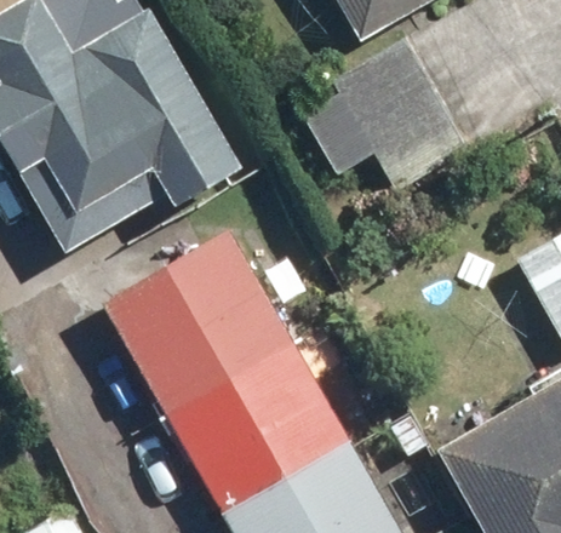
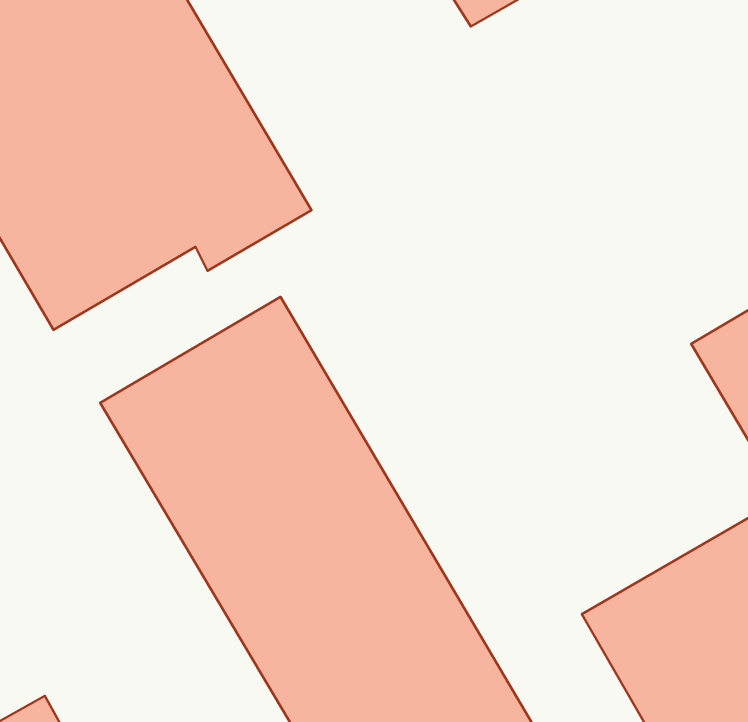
building: [299,36,469,193] -> none

